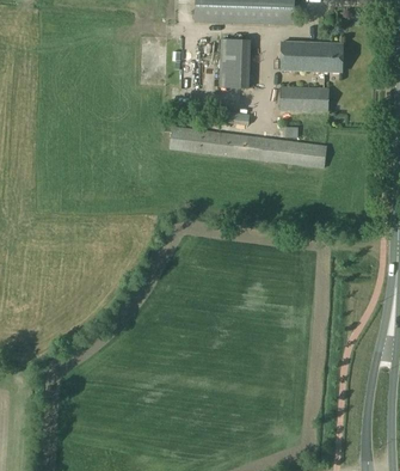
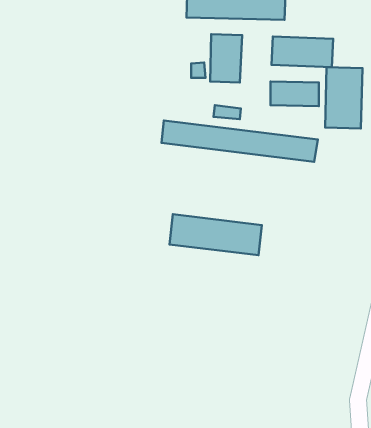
building: none -> [325,67,362,128]
building: none -> [170,214,262,255]

